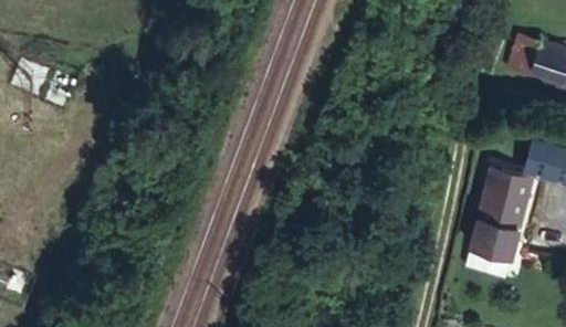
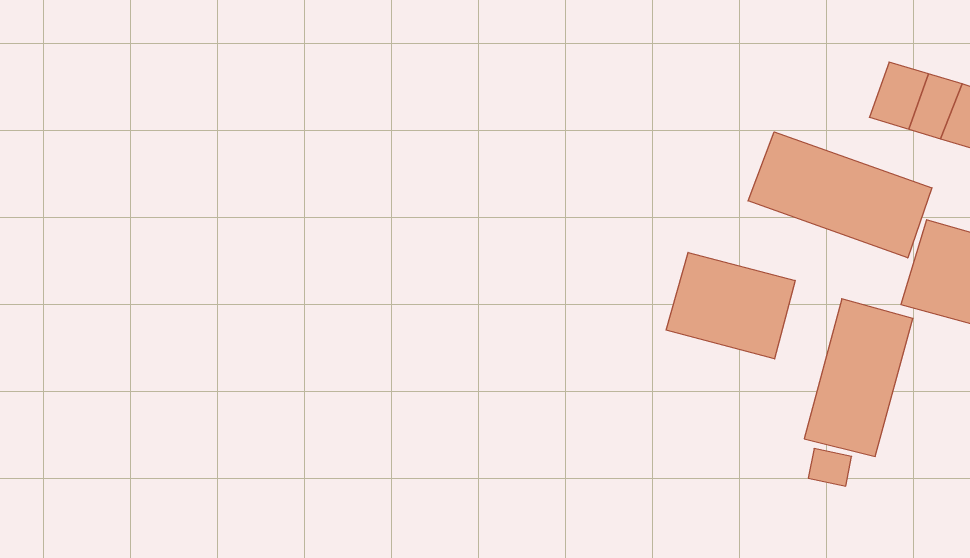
building: none -> [748,132,932,258]
building: none -> [666,252,795,359]

